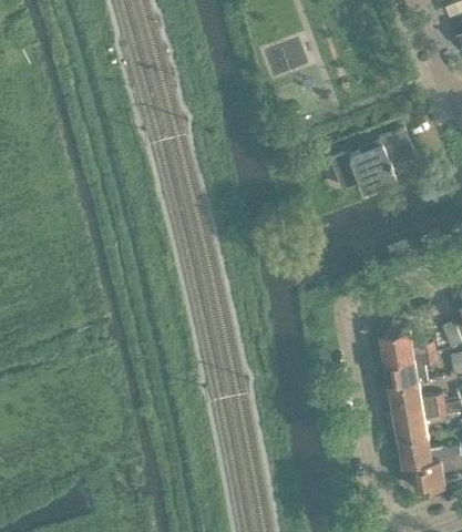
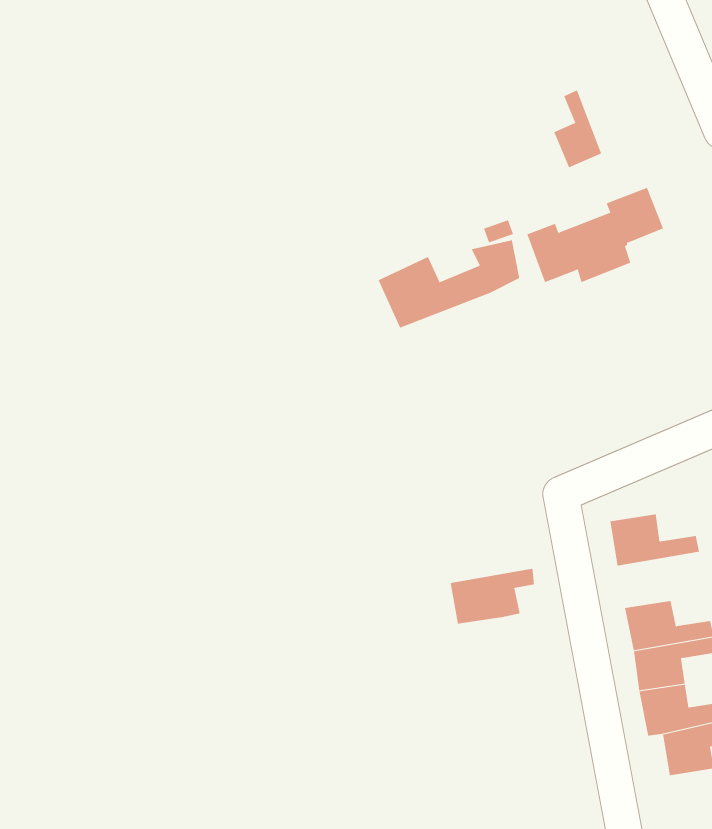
building: none -> [553,90,602,168]
building: none -> [378,239,520,329]
building: [384,355,437,389] -> [450,568,535,624]

